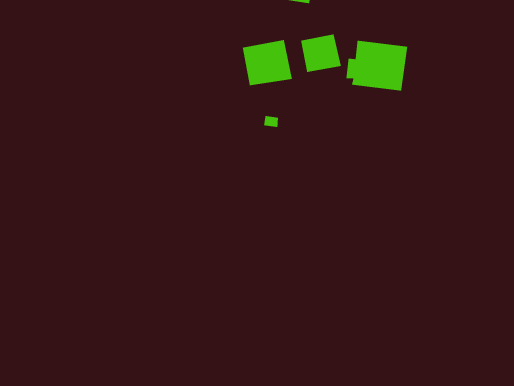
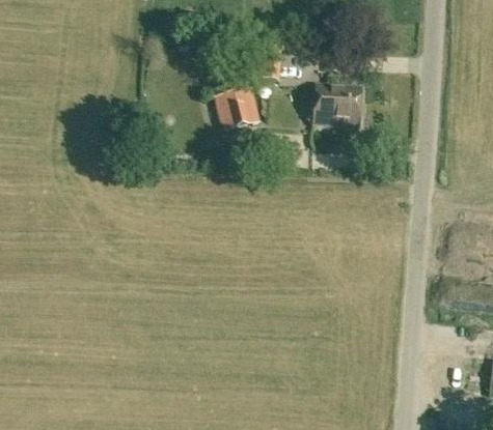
building: [300,33,342,73] -> none

